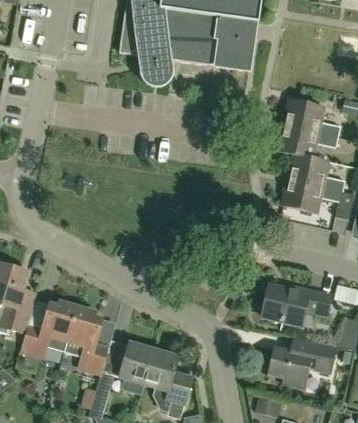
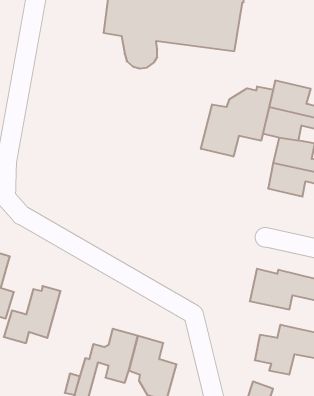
building: none -> [201,86,273,157]
building: [65,306,109,374] -> none

